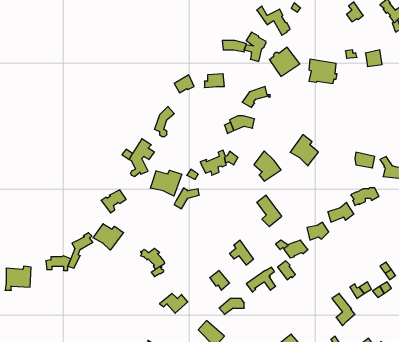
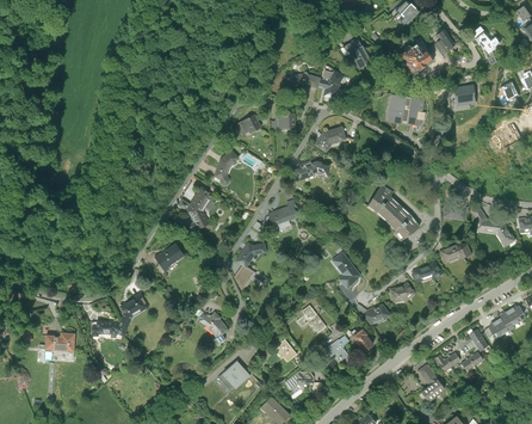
building: [269,47,300,76] -> [398,41,433,74]
building: [254,151,281,181] -> [389,203,420,238]
building: [150,170,182,196] -> none
building: [93,224,124,250] -> none

